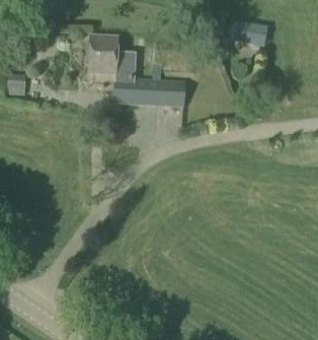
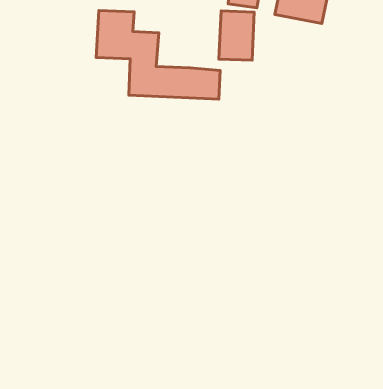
building: none -> [219,11,254,60]

